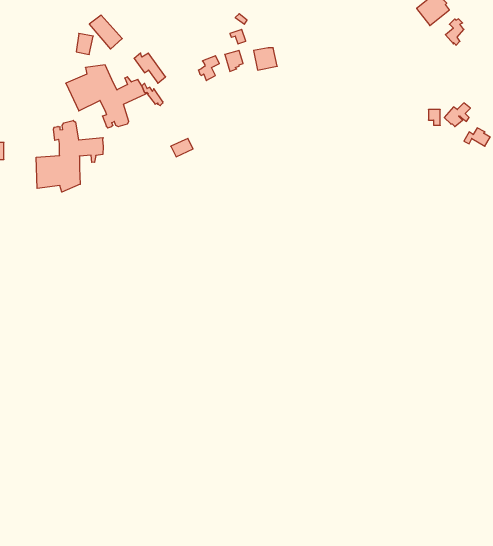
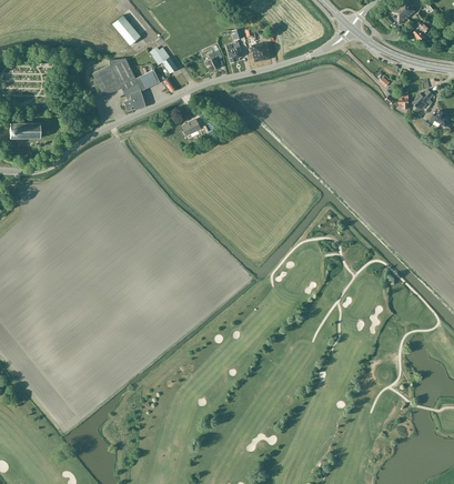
building: [36,120,103,192] -> none

